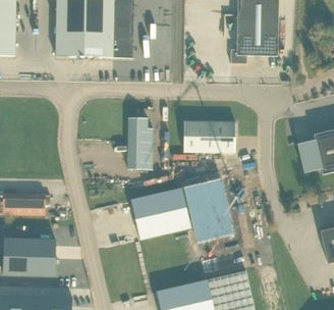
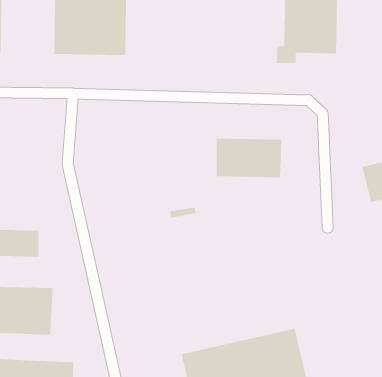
building: [127,117,152,169] -> none
building: [130,178,233,244] -> none

